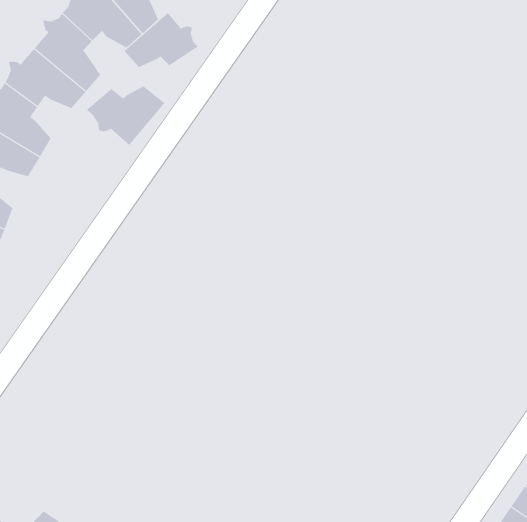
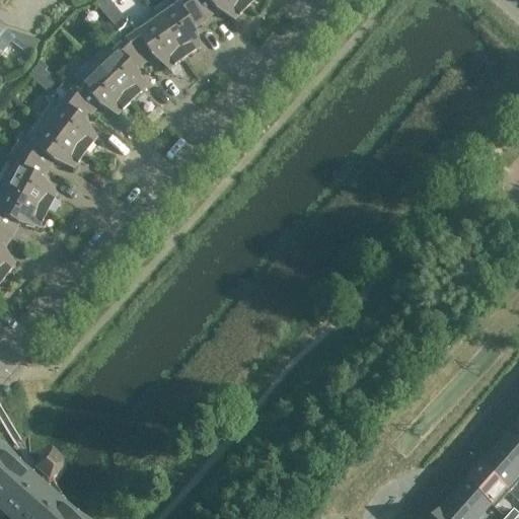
building: [124,12,198,68] -> none
building: [86,86,165,146] -> none

